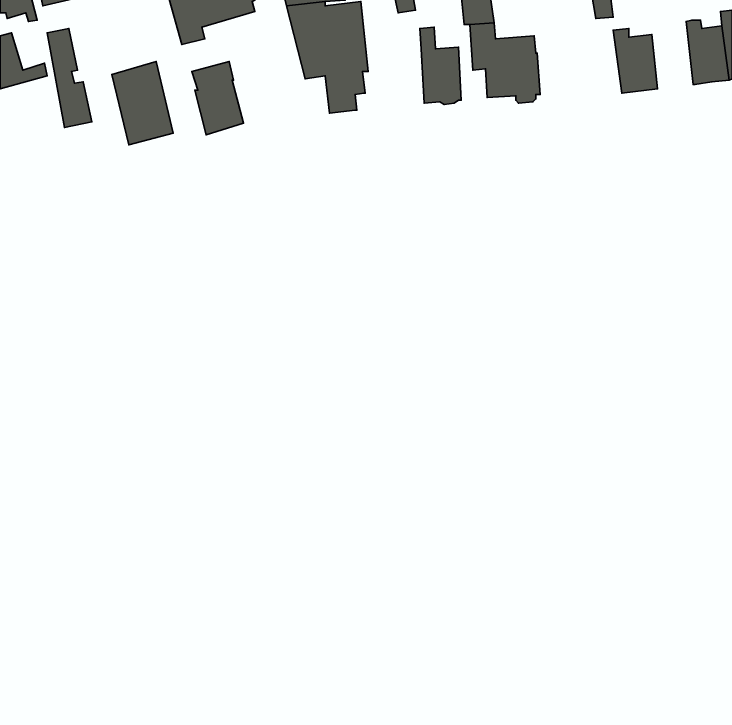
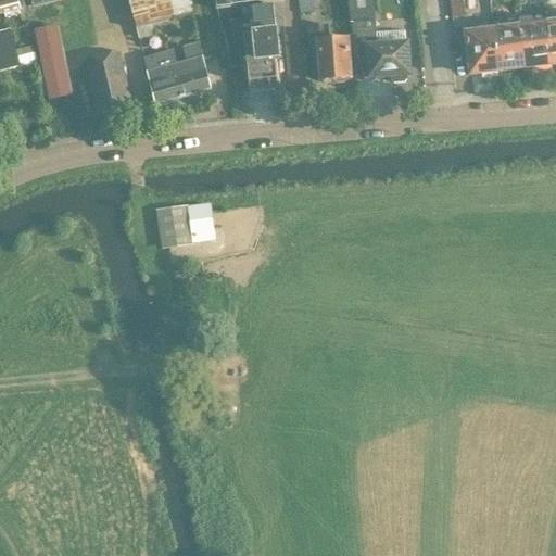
building: none -> [494,16,526,67]
building: none -> [176,40,211,93]
building: none -> [156,201,213,242]

